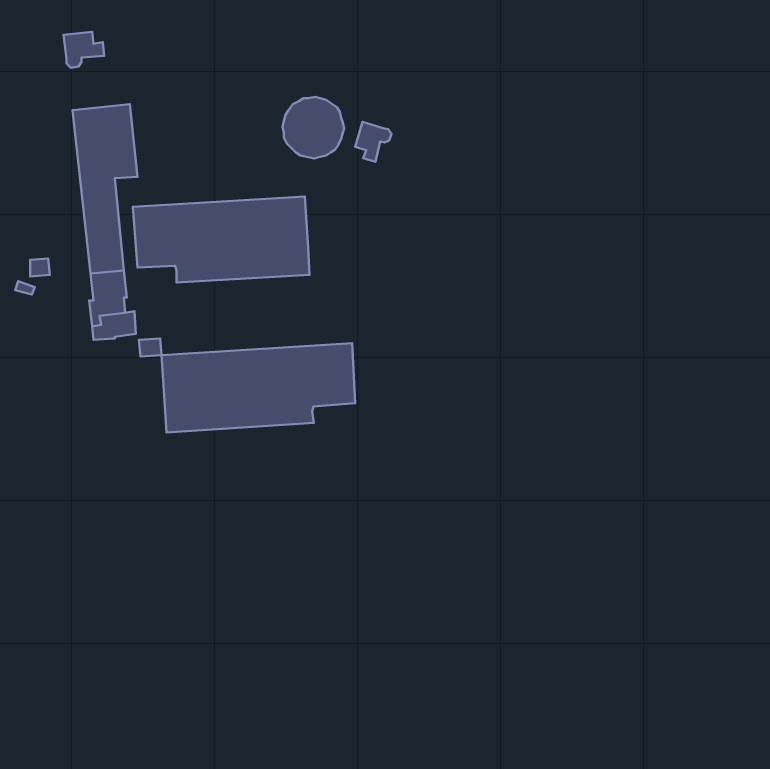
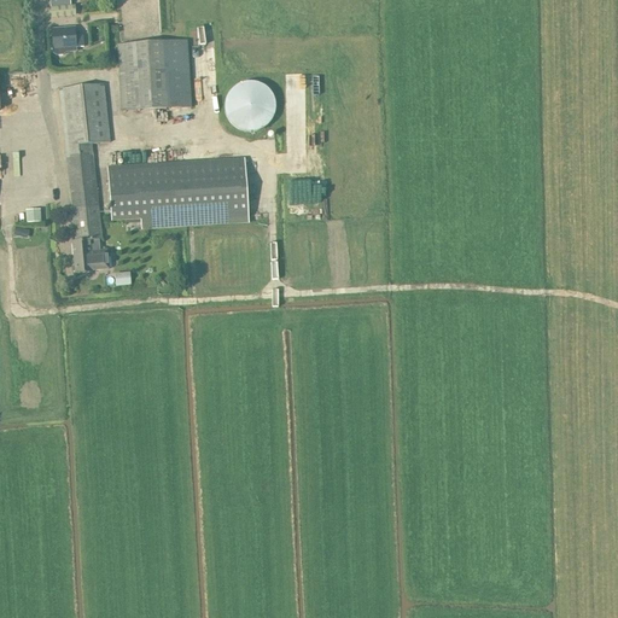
building: none -> [118,39,192,110]
building: [355,122,392,162] -> none
building: [162,343,355,433] -> none

